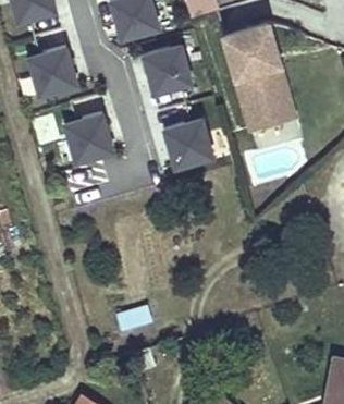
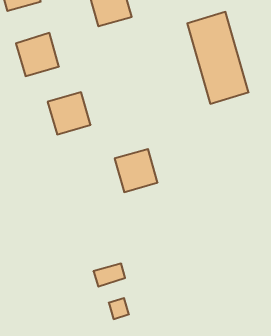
building: [143,46,192,95] -> none
building: [163,121,212,170] -> [115,149,158,192]

